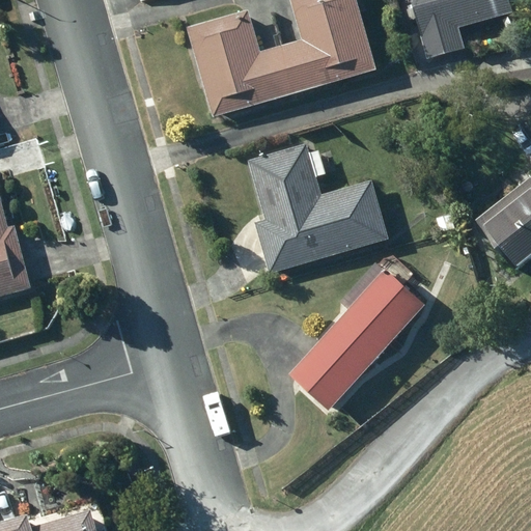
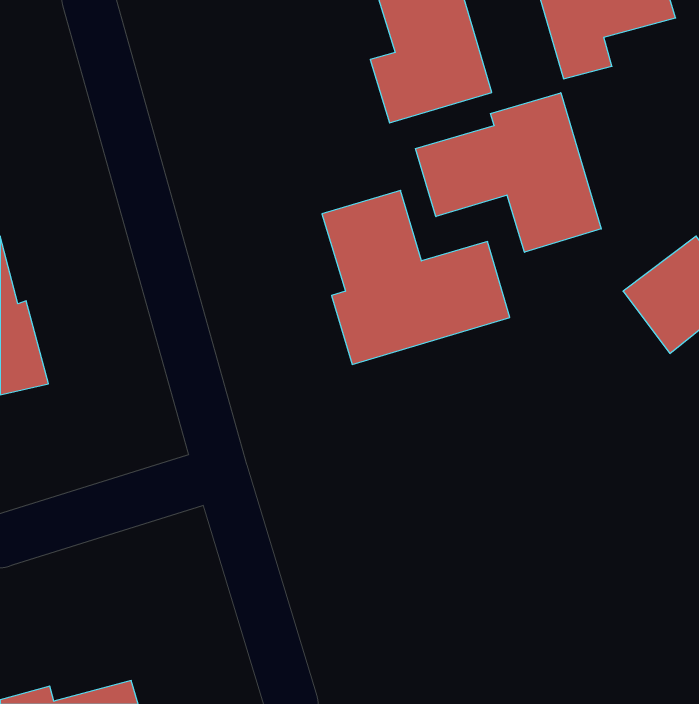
building: [188,10,298,117] -> none
building: none -> [416,93,601,252]
building: [287,261,423,411] -> none

